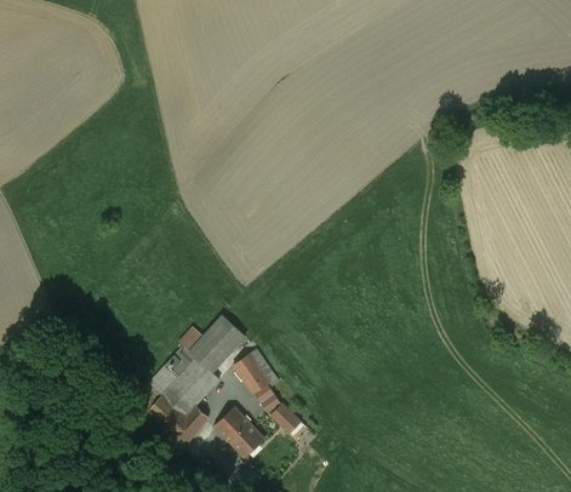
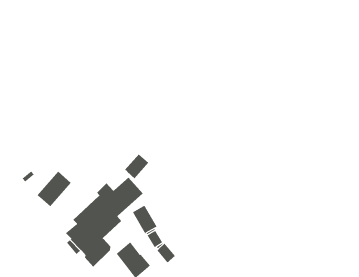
building: none -> [124,153,149,179]
building: none -> [37,171,71,207]

